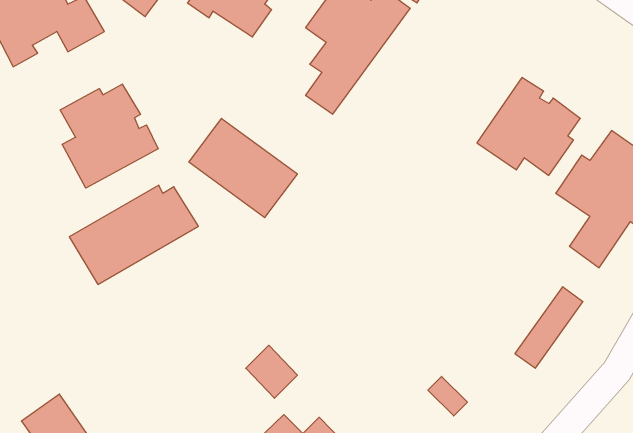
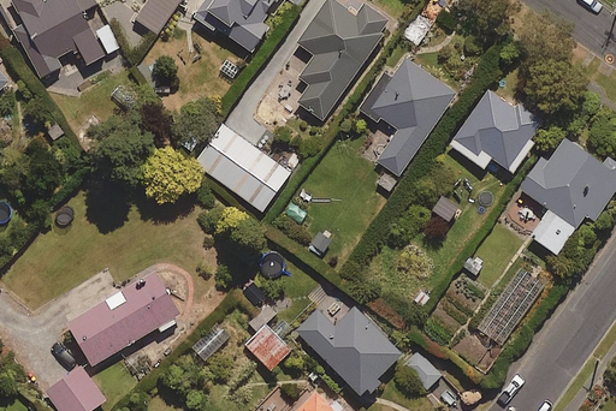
building: none -> [357,58,456,175]
building: [60,84,158,188] -> none
building: [69,185,198,284] -> [65,278,179,365]
building: none -> [294,274,404,395]

